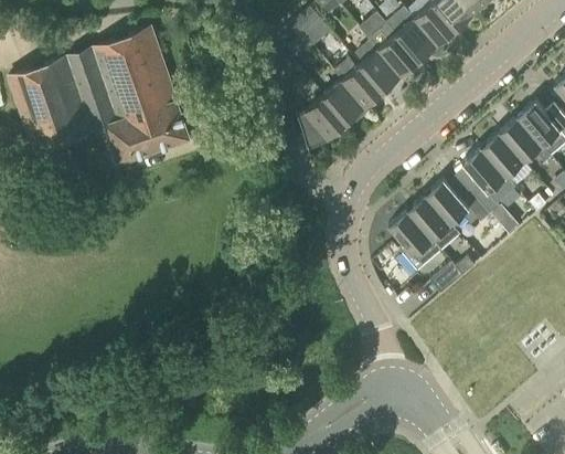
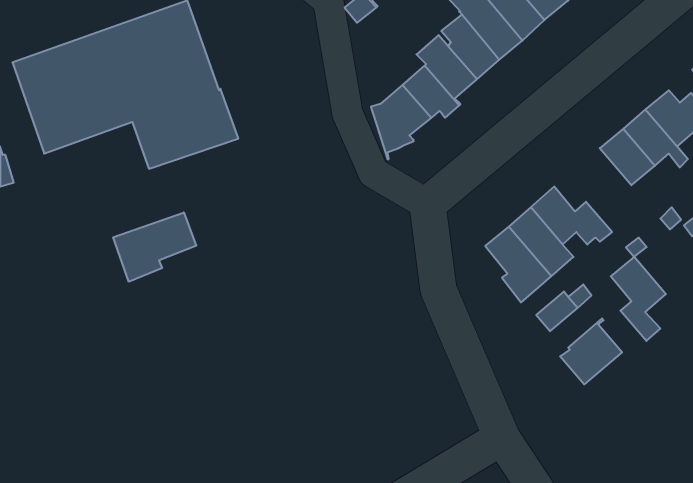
building: [463,146,508,213] -> [611,257,666,341]
building: none -> [113,212,196,282]
building: none -> [560,318,622,384]

